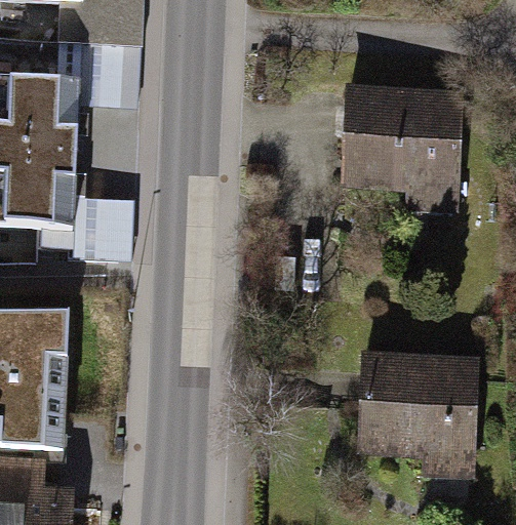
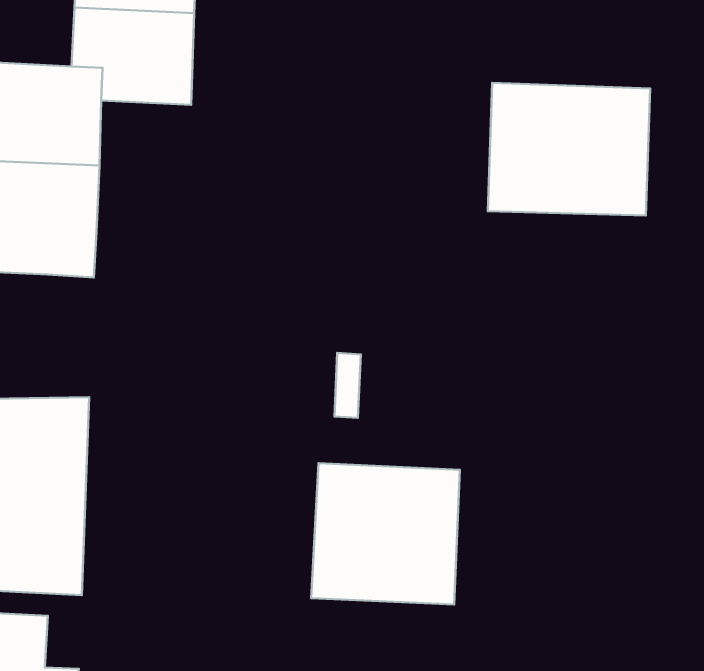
building: [39,196,134,260] -> none
building: none -> [311,463,460,605]
building: [360,357,474,450] -> none

